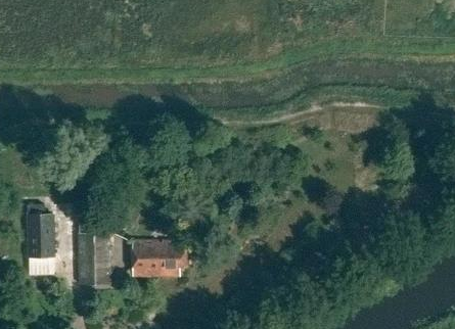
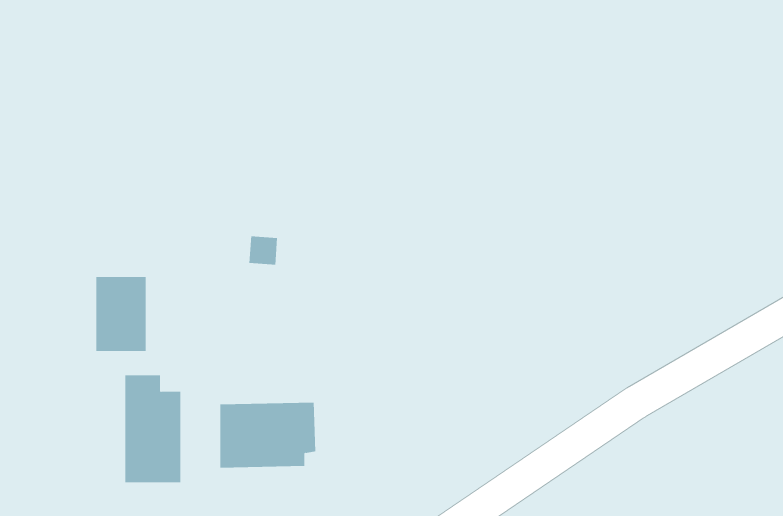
building: [27,217,55,259] -> [95,277,147,352]

